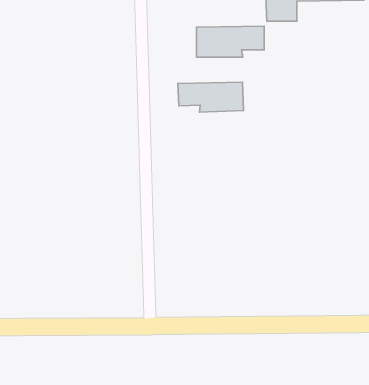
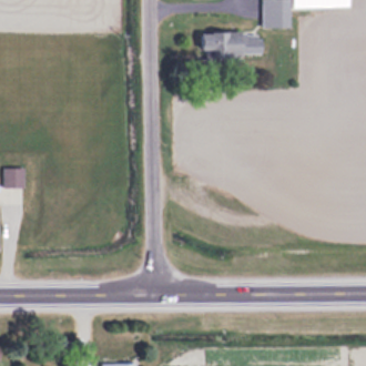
building: [178,82,244,112] -> none

